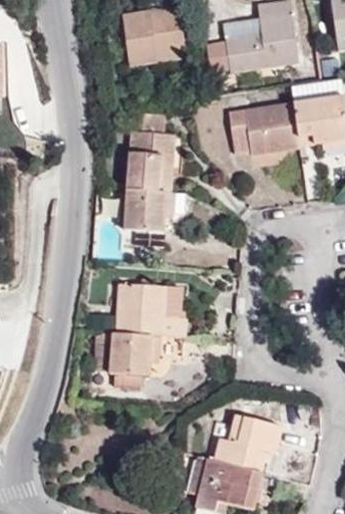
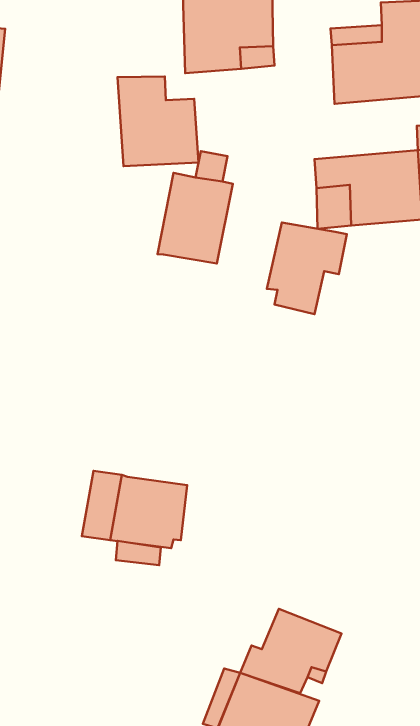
building: none -> [118,76,199,166]
building: [122,185,172,244] -> [267,223,347,314]
building: [117,288,189,339] -> none

